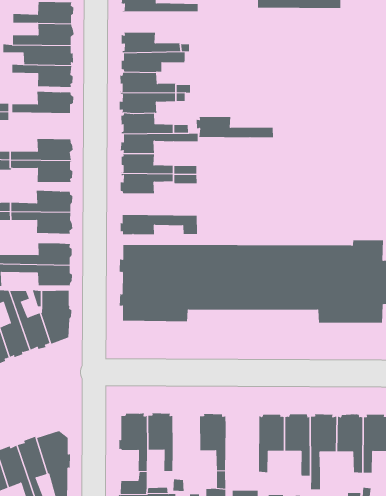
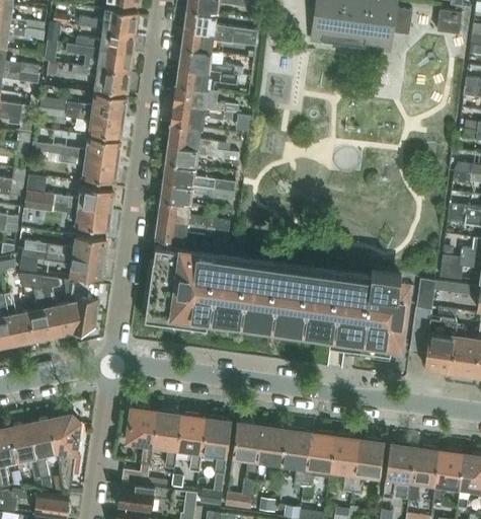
building: none -> [180,29,255,53]
building: none -> [66,110,124,139]
building: [196,117,274,138] -> [157,201,230,230]
building: none -> [177,415,206,472]
building: none -> [232,422,261,479]

